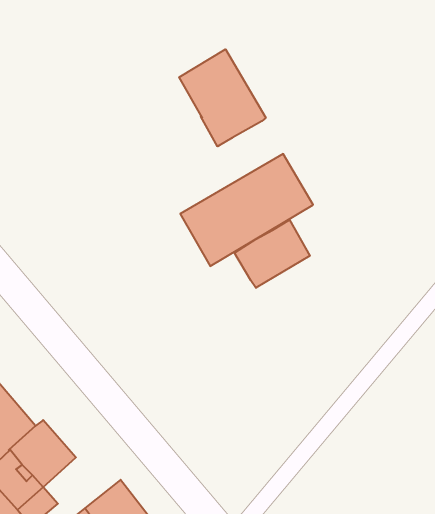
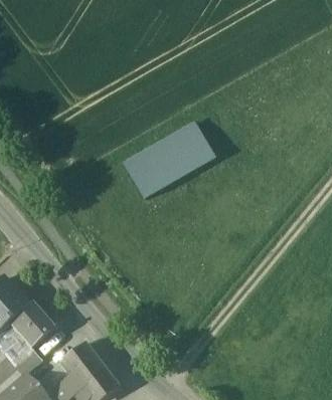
building: [179,49,266,146] -> none
building: [234,220,310,288] -> none

